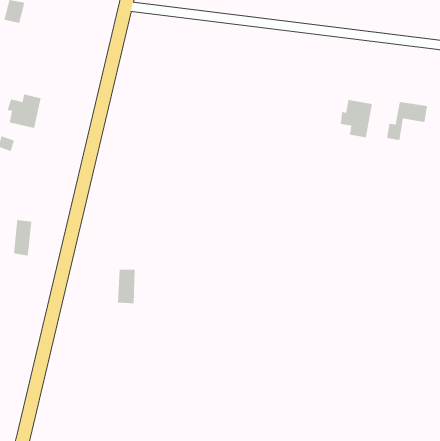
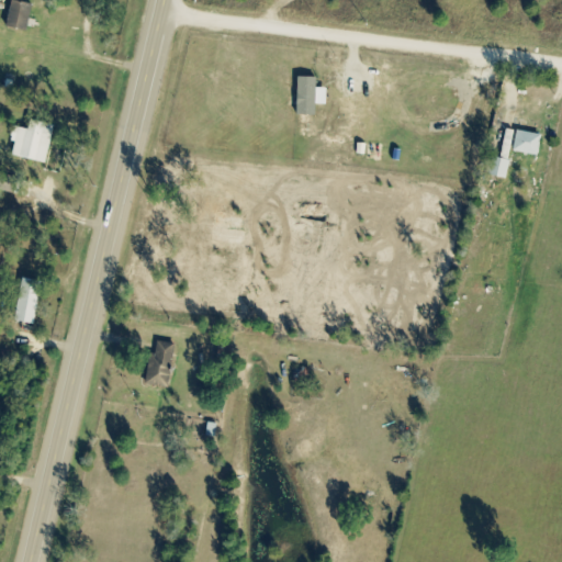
building: none -> [296,77,326,114]
building: [340,99,372,138] -> none

